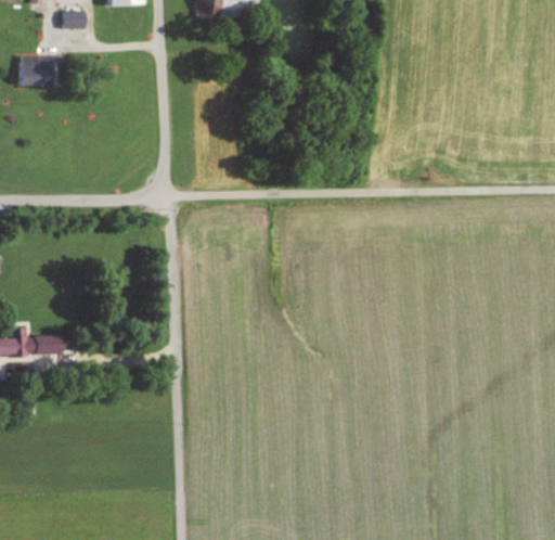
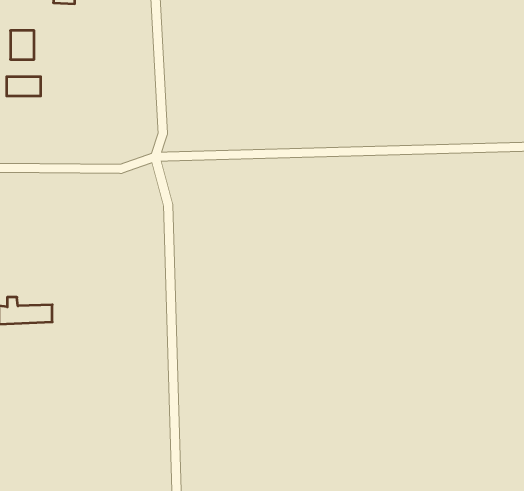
building: none -> [7,77,41,96]

